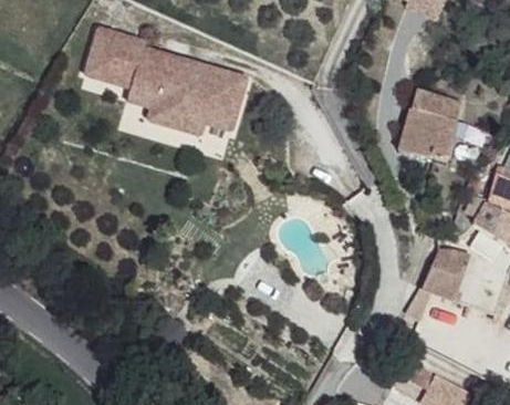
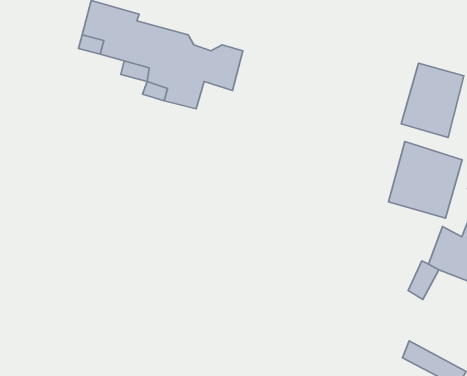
building: none -> [388,142,462,218]

